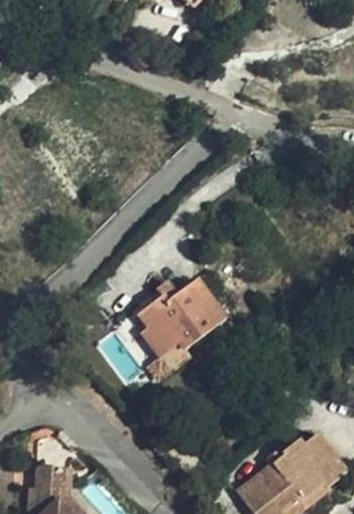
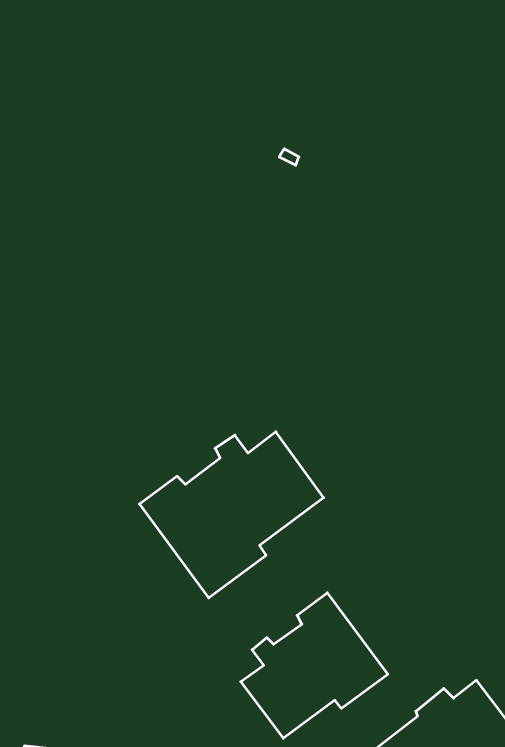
building: none -> [241,593,388,738]

